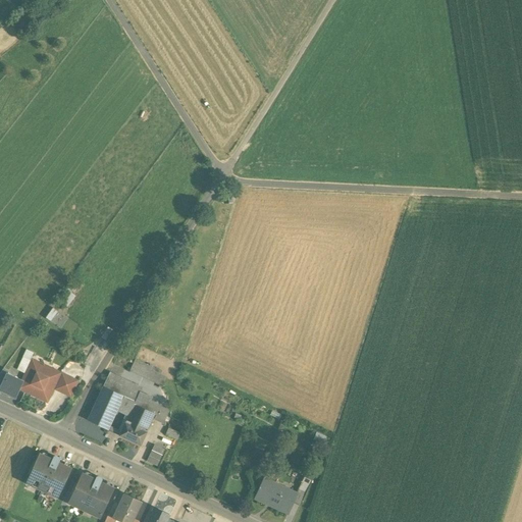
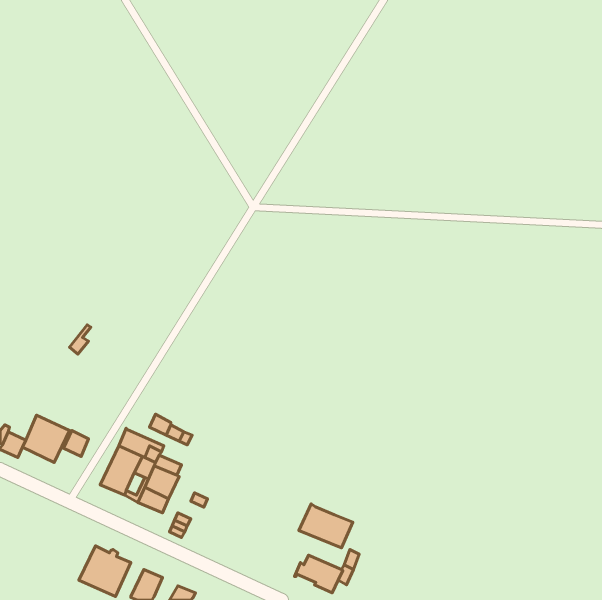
building: none -> [299,504,353,548]
building: [27,453,70,498] -> none

